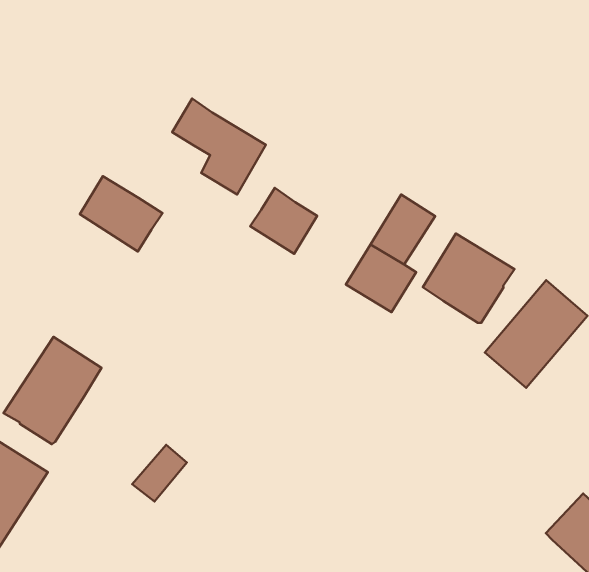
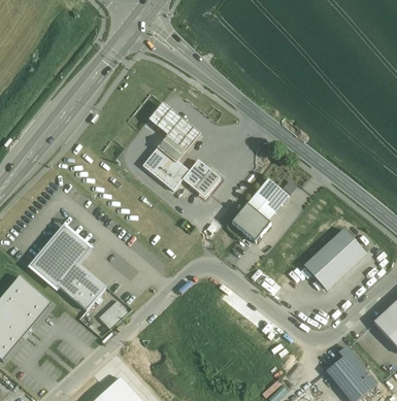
building: [80,176,163,251] -> [142,146,189,191]
building: [423,234,514,323] -> none
building: none -> [58,263,106,310]

